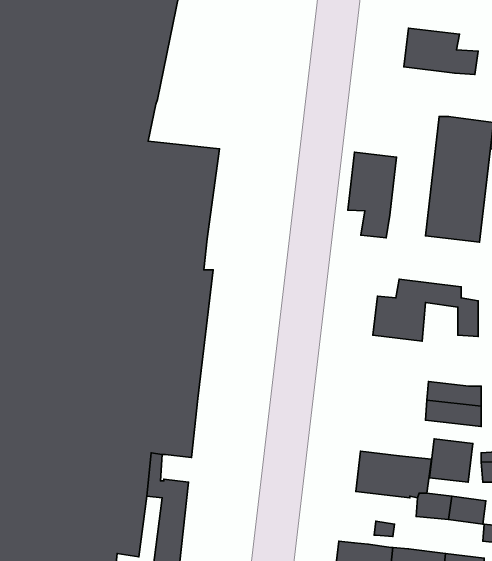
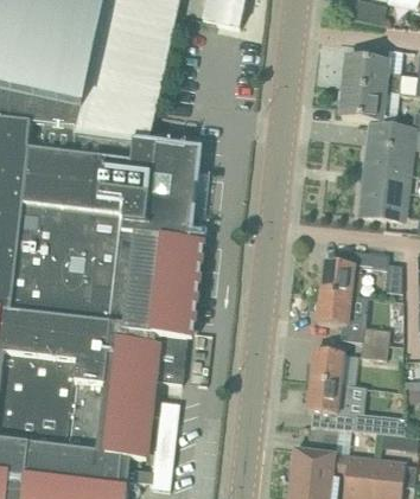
building: none -> [341,85,383,123]
building: [348,152,397,238] -> none
building: none -> [317,290,362,326]
building: [429,439,473,482] -> [311,350,344,383]

